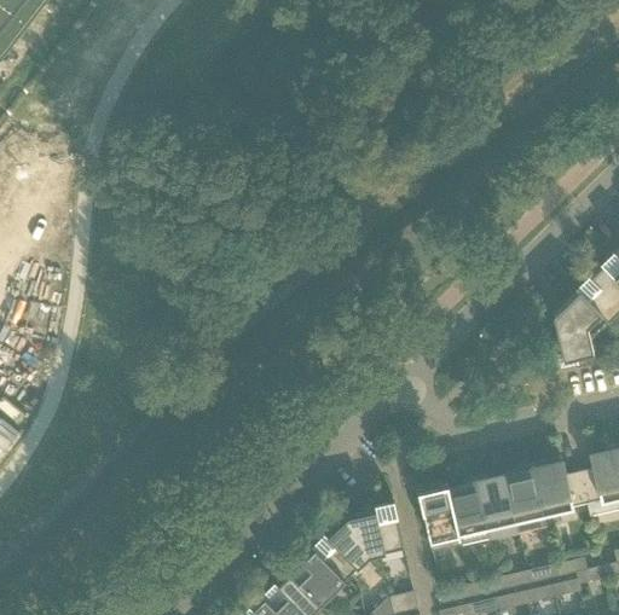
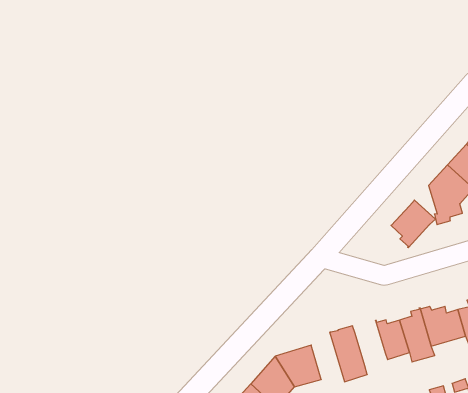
building: none -> [391,200,436,248]
building: [450,478,491,545] -> none

